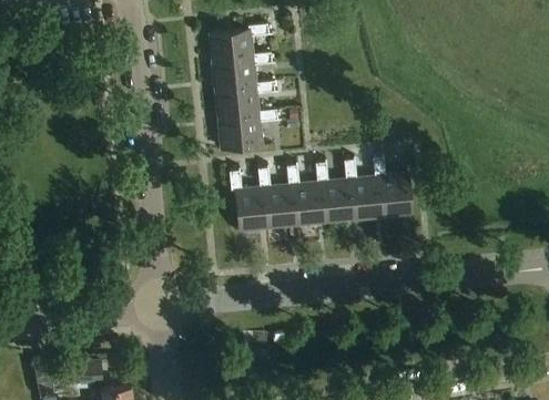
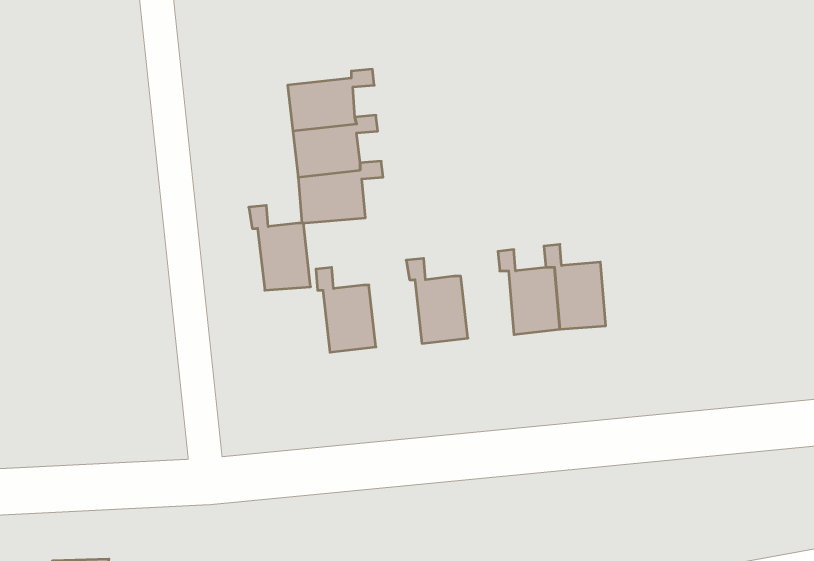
building: [210,25,263,64] -> none
building: [315,170,354,223] -> none
building: [257,175,296,228] -> [249,205,311,290]

